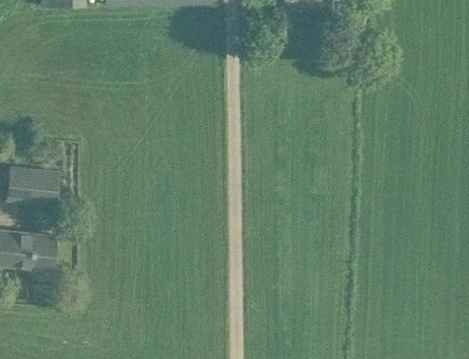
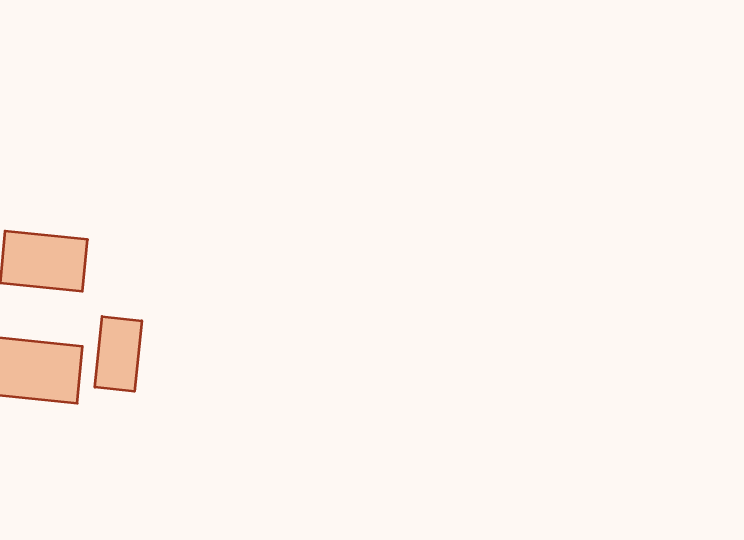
building: none -> [95,316,142,391]

